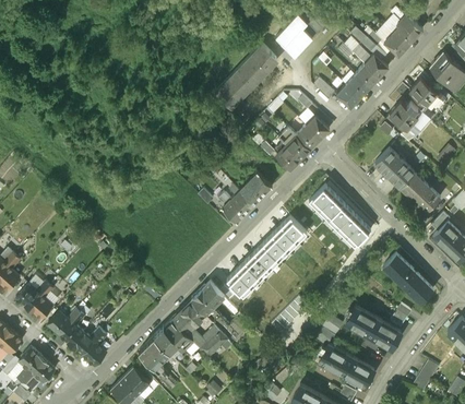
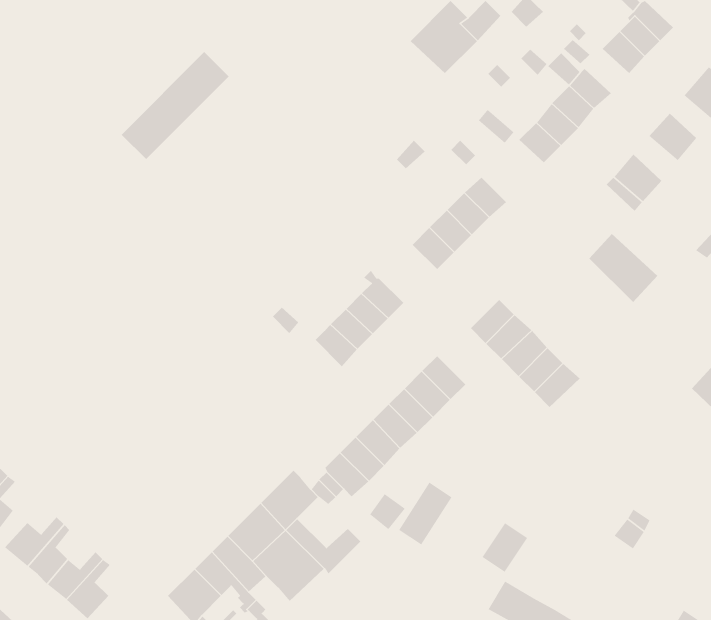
building: [215,47,276,108] -> [121,51,230,160]
building: [401,173,440,212] -> none
building: [383,253,433,302] -> none
building: [346,306,401,348] -> none

